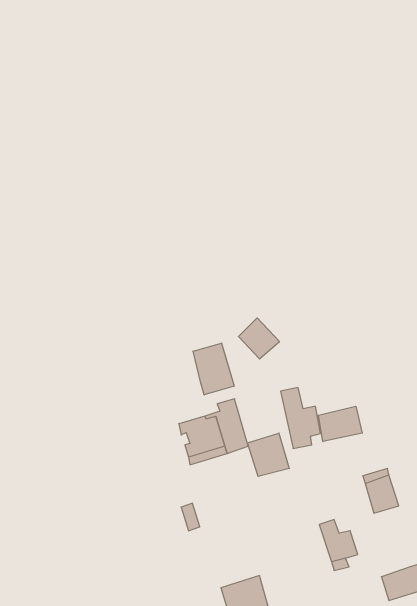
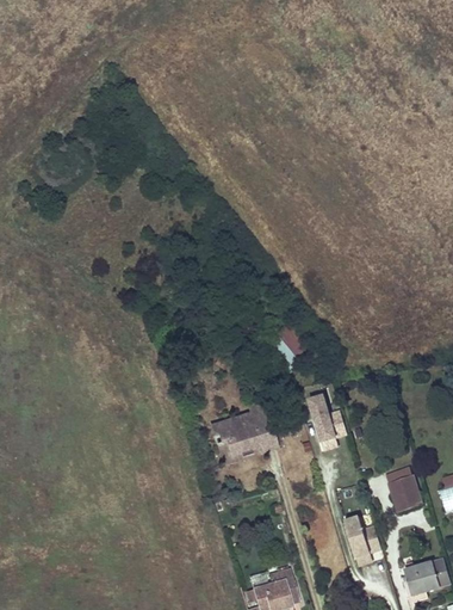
building: [193,343,234,395] -> none
building: [318,406,362,442] -> none
building: [247,433,289,476] -> none

